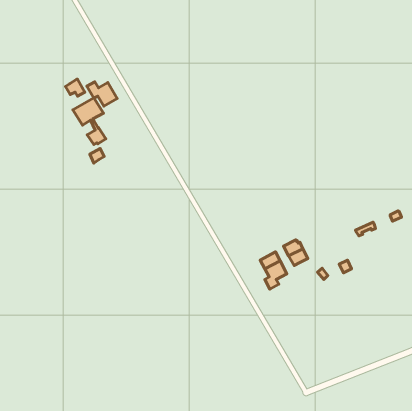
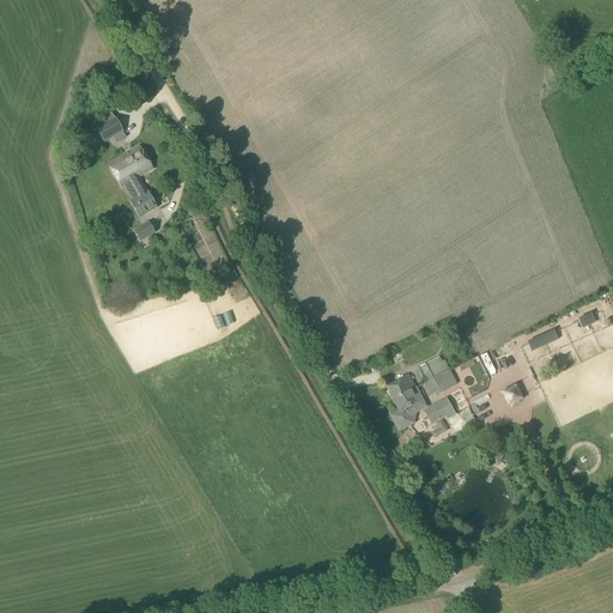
building: [87,82,117,106] -> none
building: none -> [426,396,456,432]

